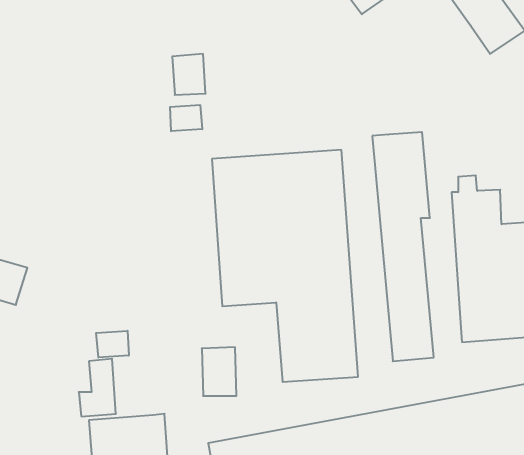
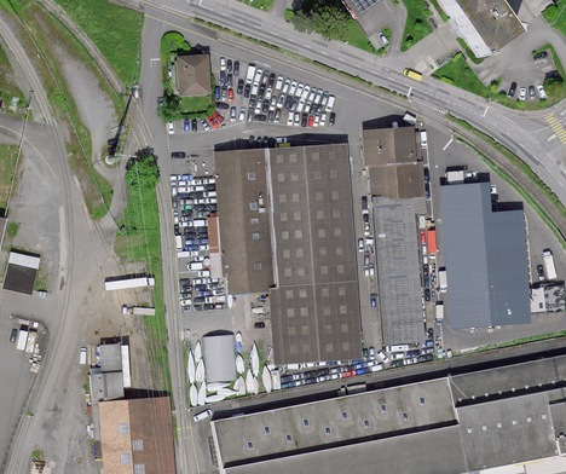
building: [170,105,202,131] -> none
building: [96,331,129,358] -> none

